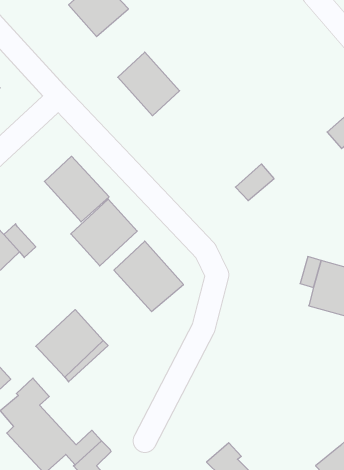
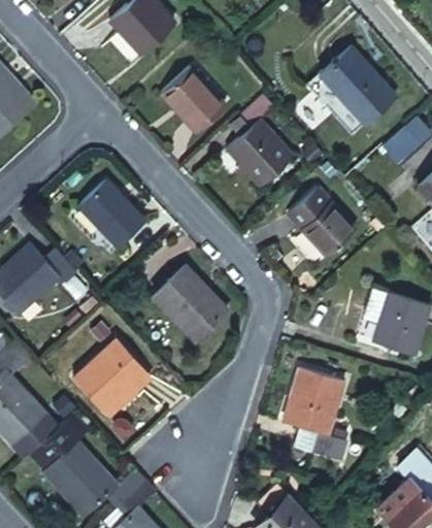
building: none -> [309,47,397,135]
building: none -> [229,93,293,185]
building: none -> [301,201,355,254]
building: [71,199,137,266] -> none
building: none -> [283,368,345,454]

